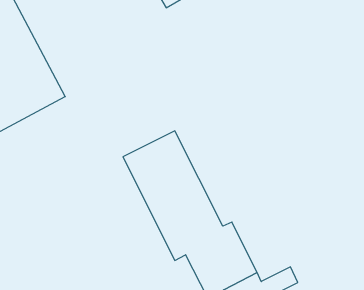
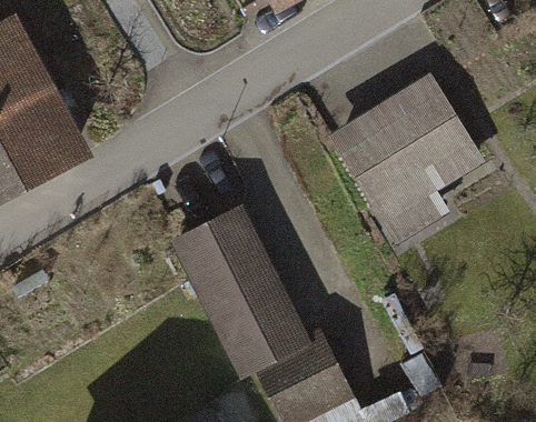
building: none -> [328,71,485,243]

